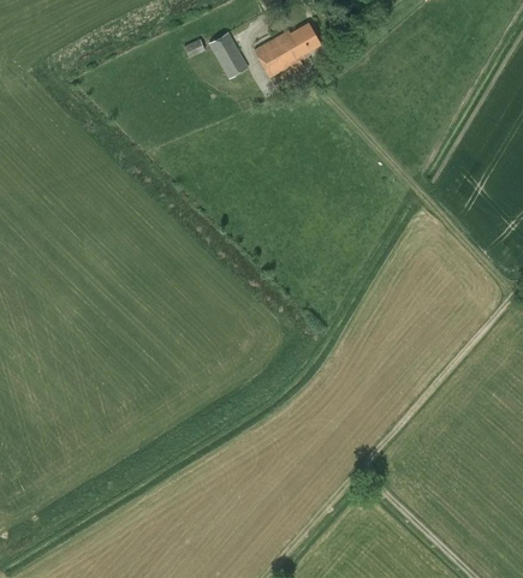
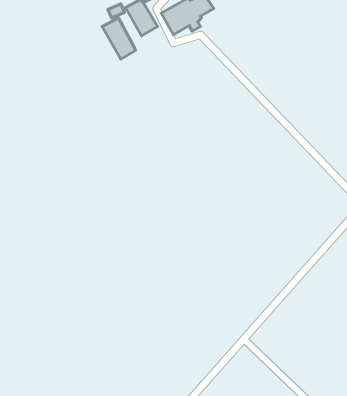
building: none -> [102,18,136,59]

